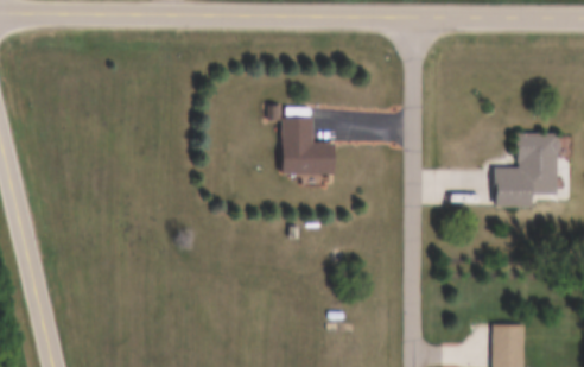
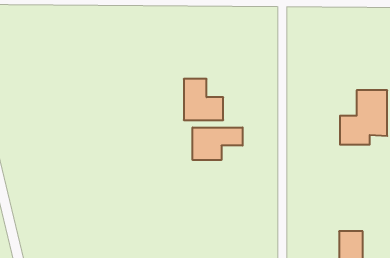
building: none -> [193,127,243,160]

